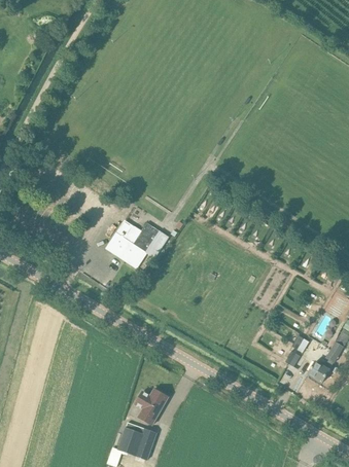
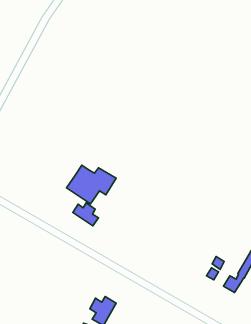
building: none -> [73,203,98,226]

